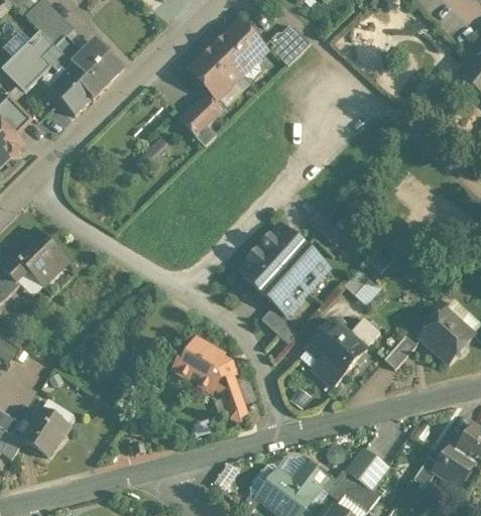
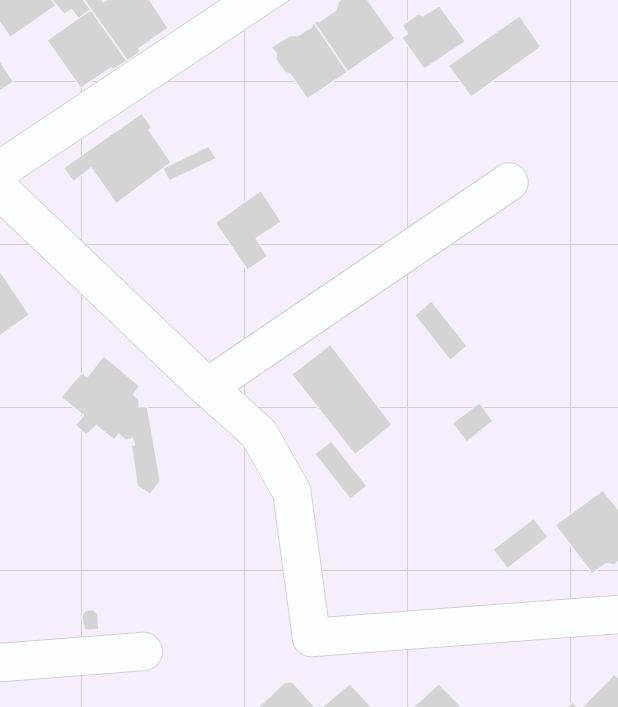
building: none -> [448,16,541,97]
building: [179,94,221,145] -> [215,191,282,270]
building: none -> [63,113,171,204]
building: [259,224,328,290] -> none
building: [306,316,379,386] -> none
building: [173,338,245,419] -> [61,356,160,494]

